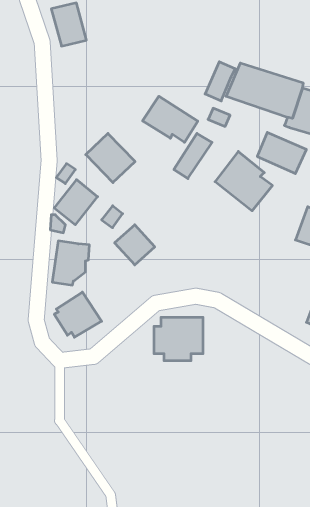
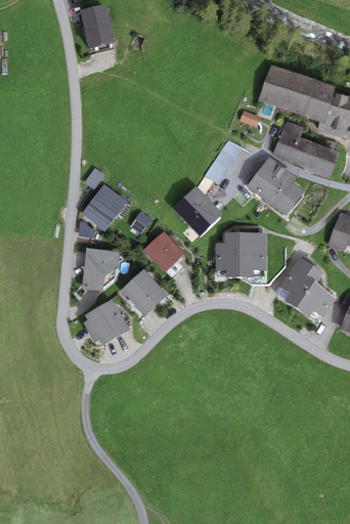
building: [205,62,235,101] -> [273,121,304,161]
building: [143,96,198,142] -> none
building: [86,133,135,183] -> [173,185,223,235]
building: none -> [274,256,335,322]
building: none -> [121,268,168,315]
building: [154,317,203,361] -> [216,232,266,276]

